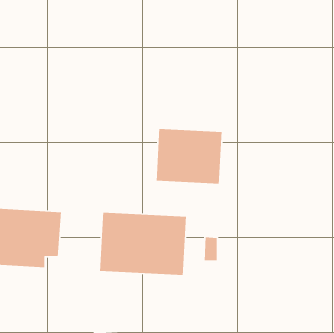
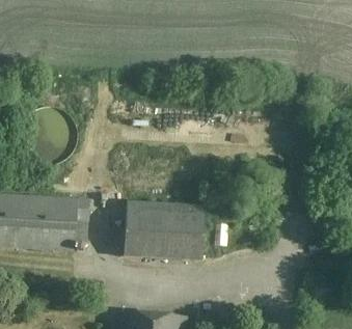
building: [156,128,222,185] -> none

